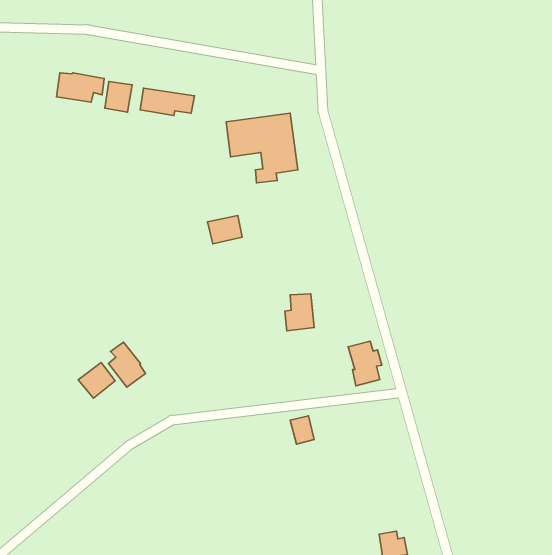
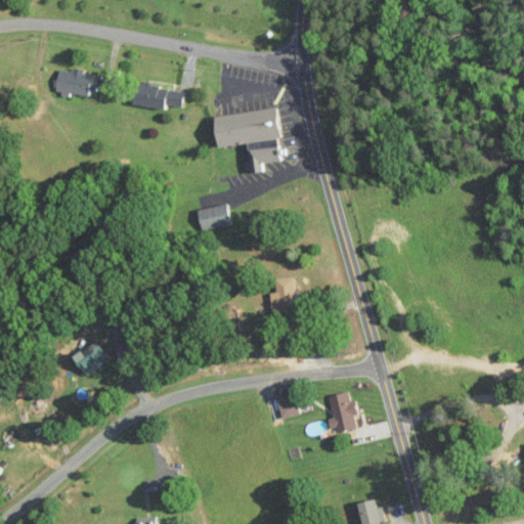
building: [105,81,132,112] -> none
building: [348,341,382,386] -> [325,392,357,434]
building: [109,342,145,387] -> none

